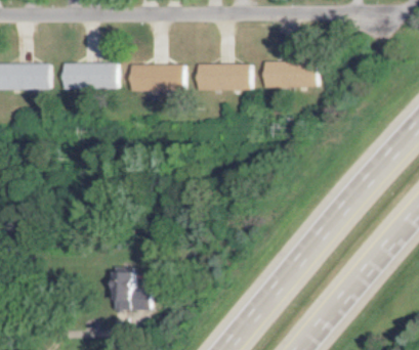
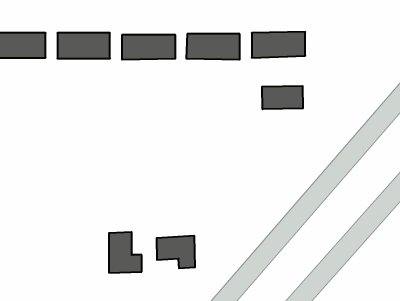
building: none -> [262,86,303,109]
building: none -> [157,236,195,268]

